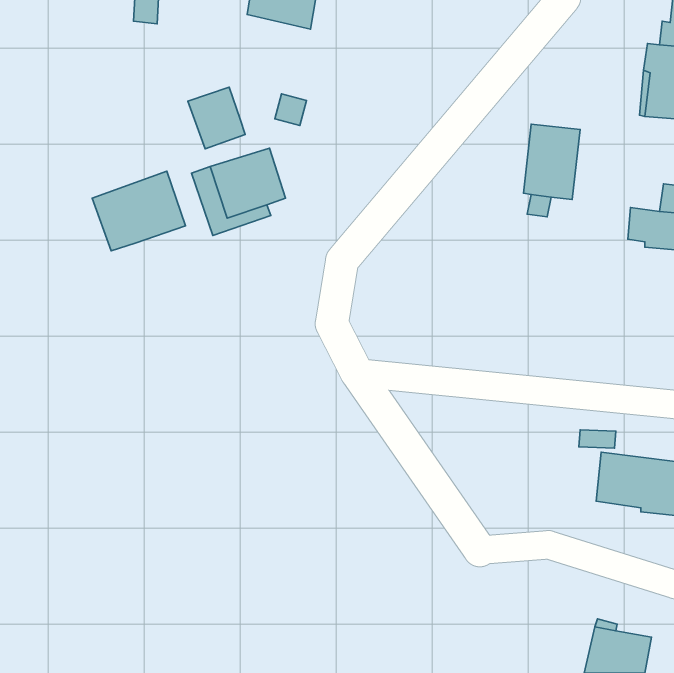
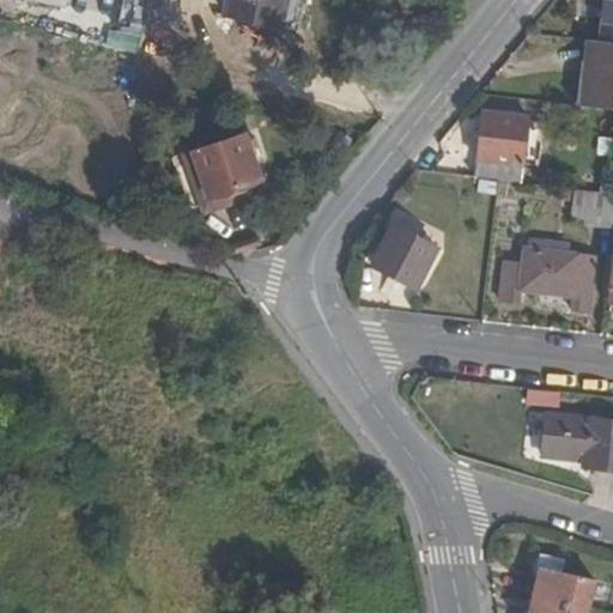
building: [188,87,245,149] -> none
building: [92,171,186,251] -> none
building: none -> [370,223,437,286]
building: none -> [498,239,597,310]

